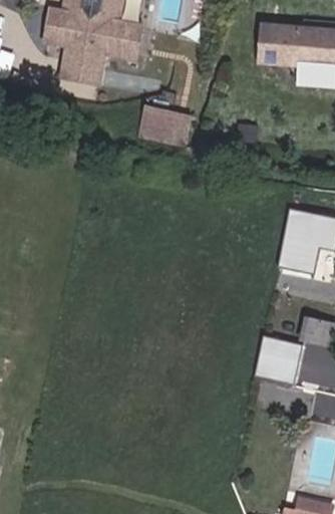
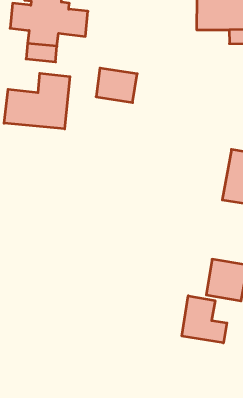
building: none -> [4,73,70,129]
building: none -> [182,296,227,343]

